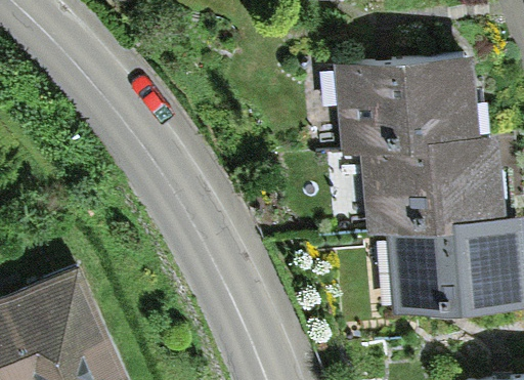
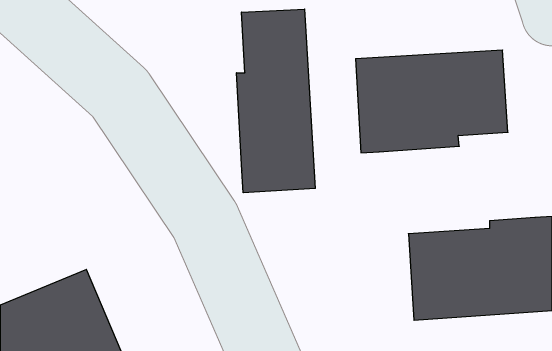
building: none -> [237,9,315,193]
building: [359,134,507,233] -> none

